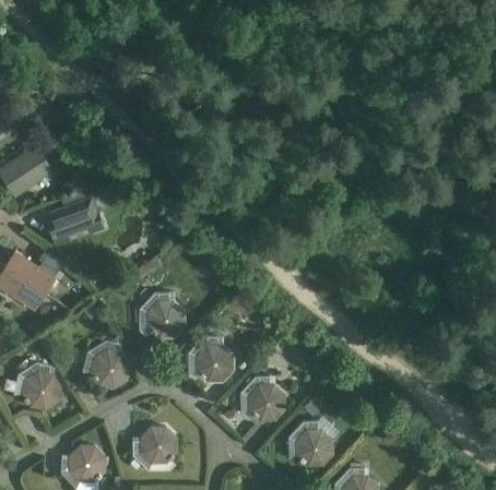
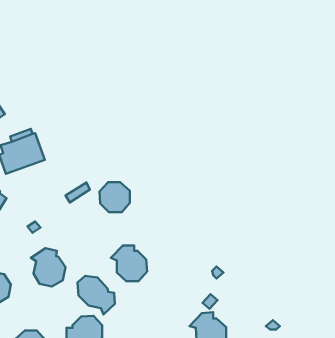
building: [145,299,184,337] -> [99,182,130,212]
building: none -> [77,276,115,314]
building: [239,375,285,421] -> none

